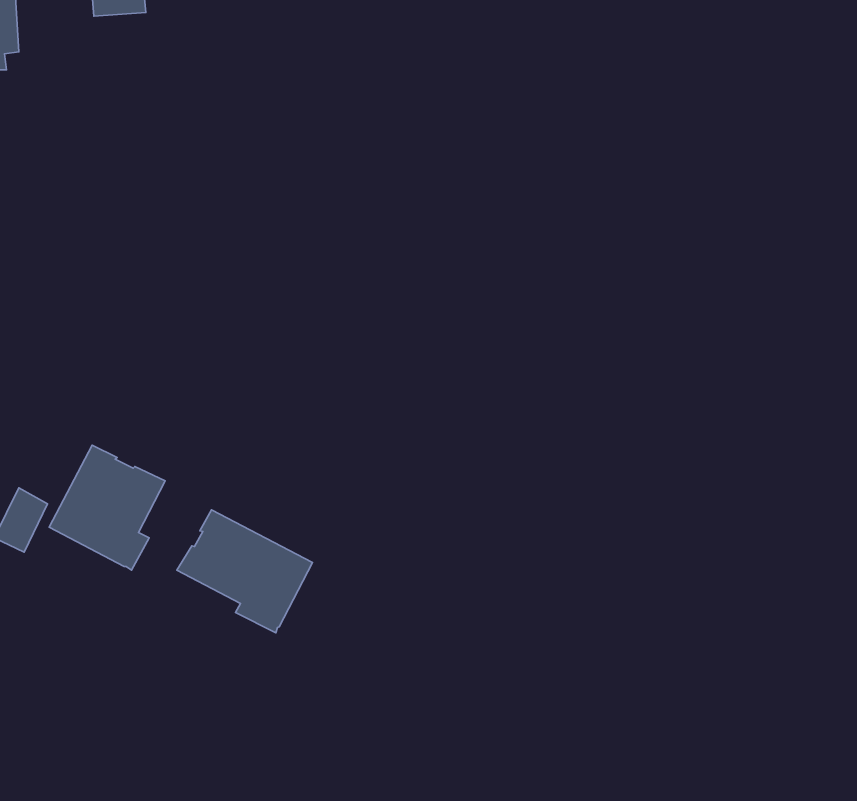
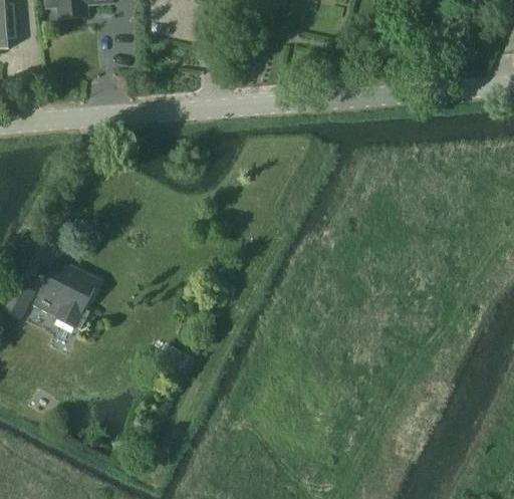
building: [177,510,312,633] -> none

